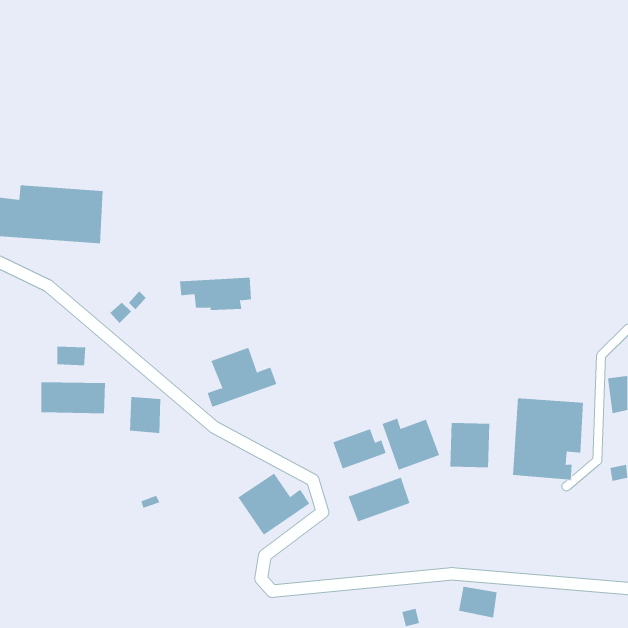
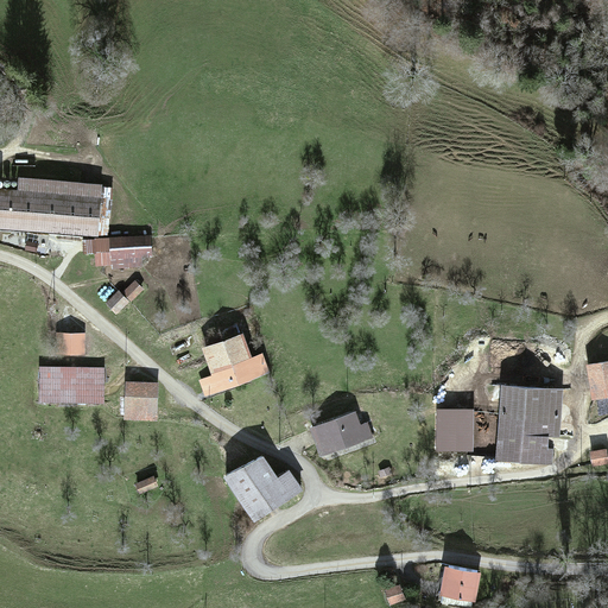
building: [179,277,252,311] -> [81,234,151,266]
building: [382,418,440,470] -> none
building: [348,477,410,522] -> none

